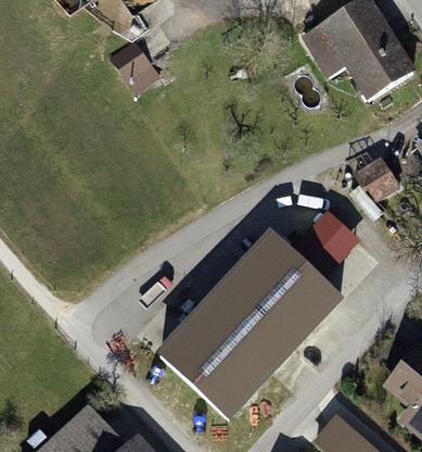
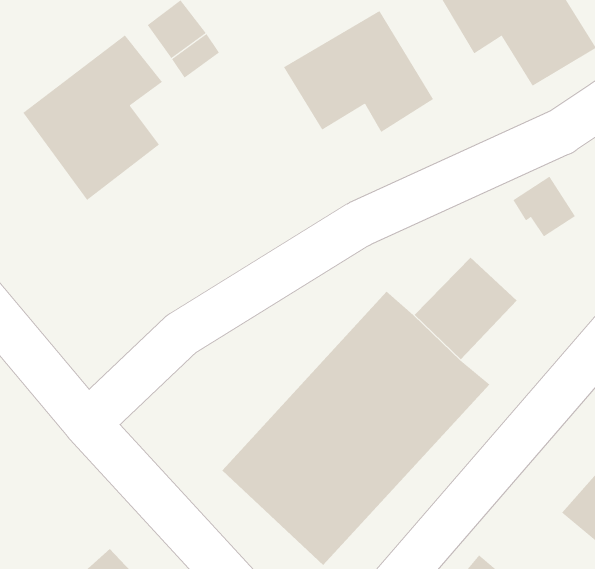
building: none -> [283,10,434,133]
building: none -> [22,34,163,201]

